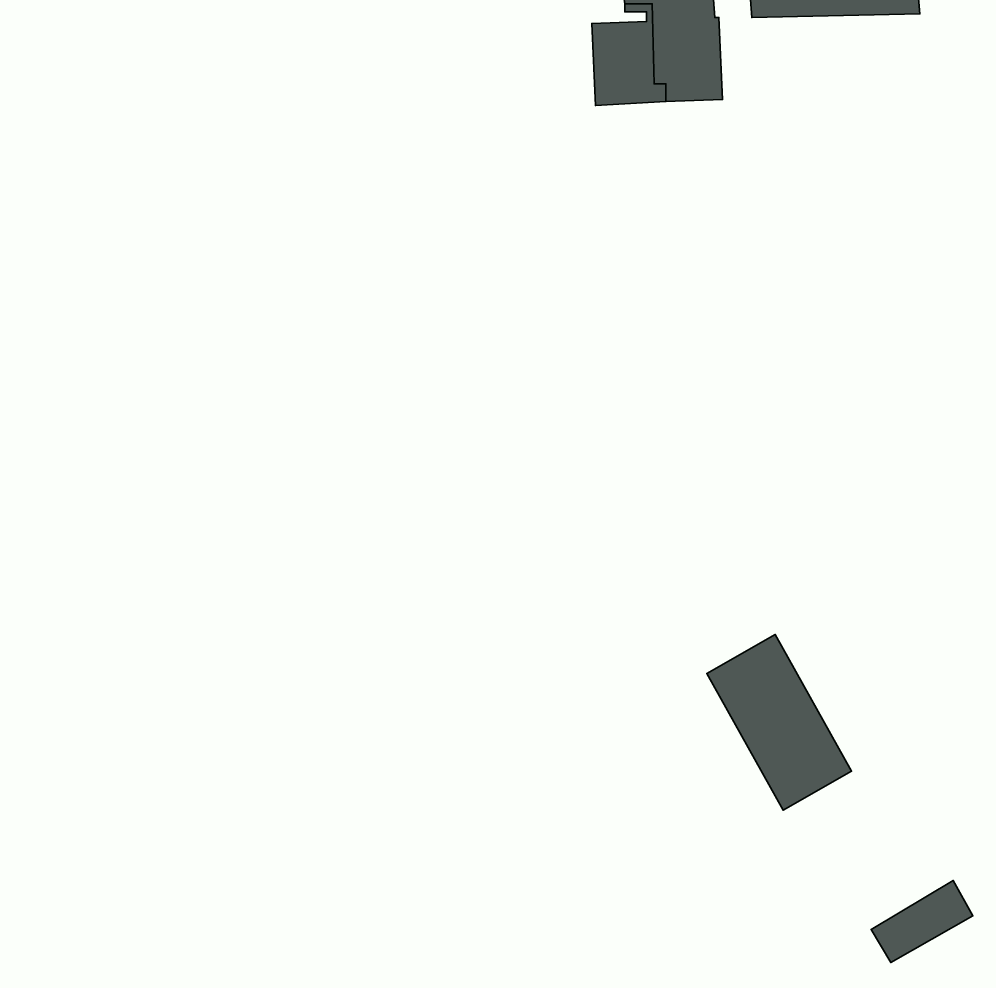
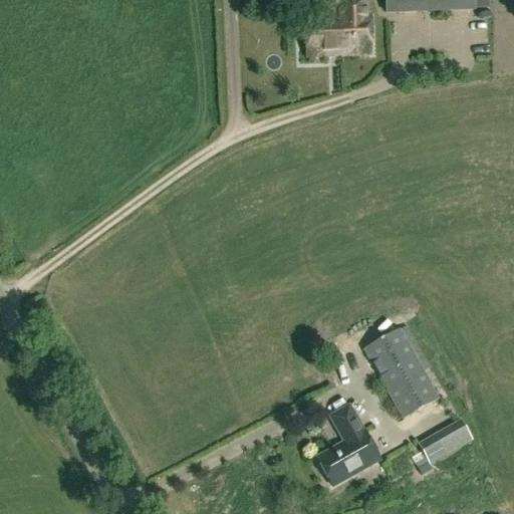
building: none -> [317,405,380,484]
building: [871,881,973,963] -> [420,418,472,460]

